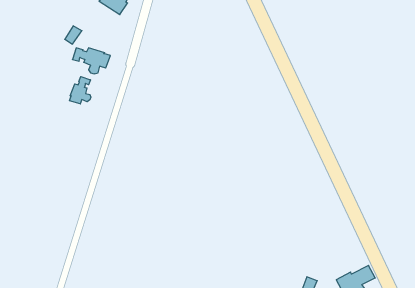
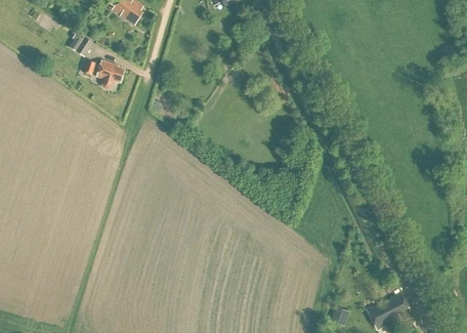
building: [69,77,91,104] -> none

